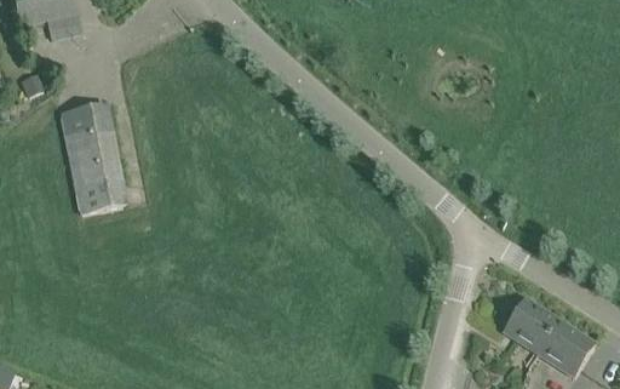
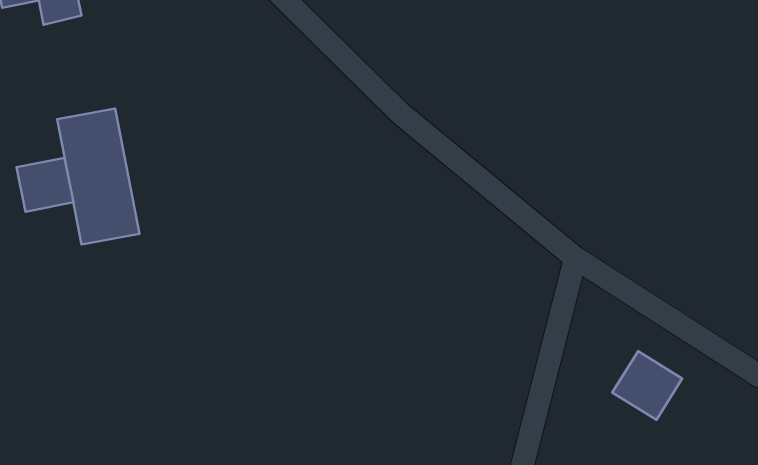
building: none -> [16,158,73,212]
building: [538,320,595,377] -> none

